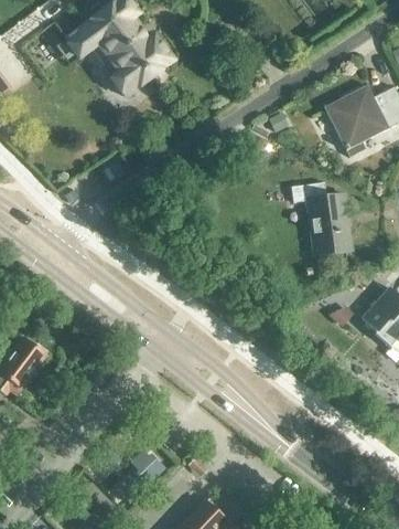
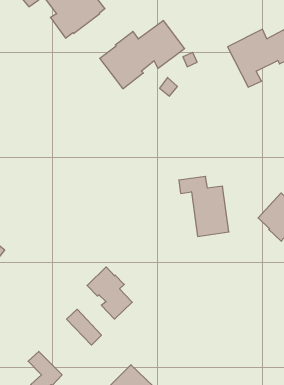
building: none -> [100,20,185,89]
building: [290,181,352,255] -> [179,176,229,236]
building: none -> [87,267,132,319]

